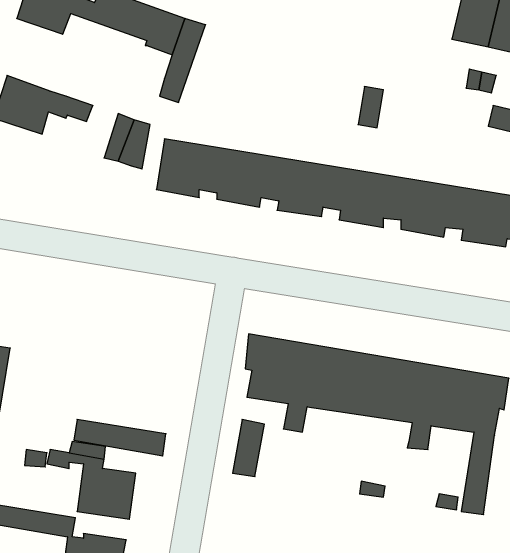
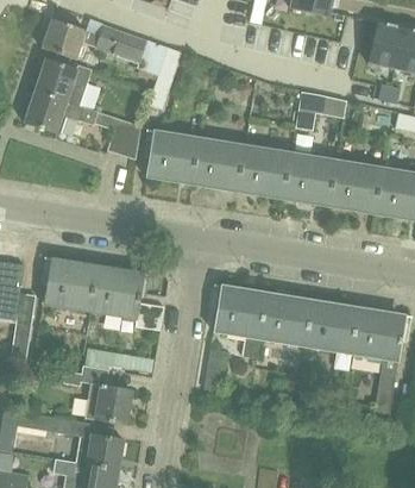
building: none -> [34,58,90,105]
building: none -> [40,256,164,330]

